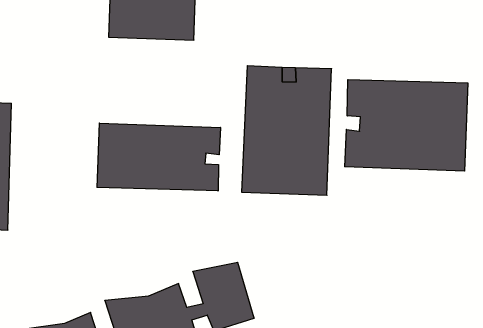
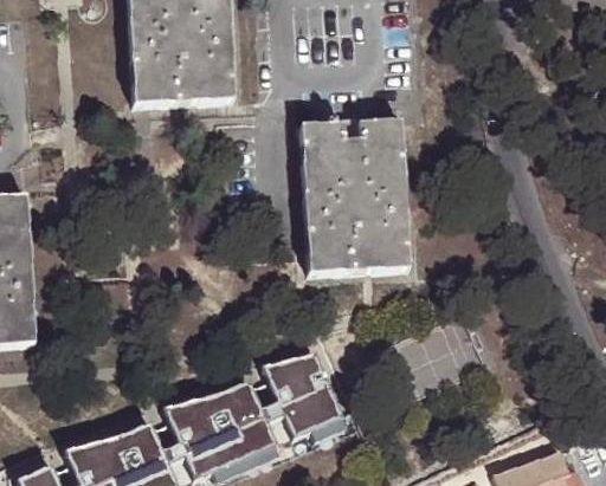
building: [345,80,468,171] -> none
building: [97,123,220,191] -> none

